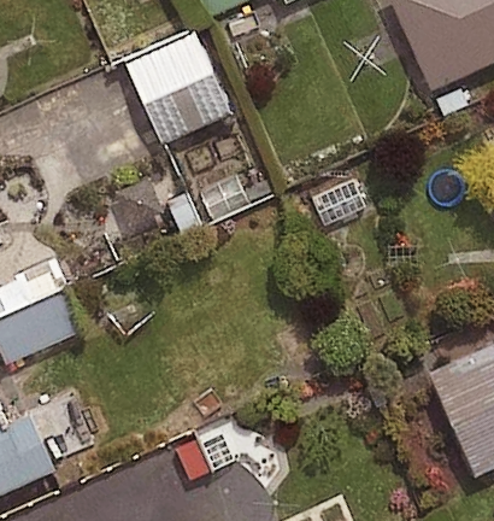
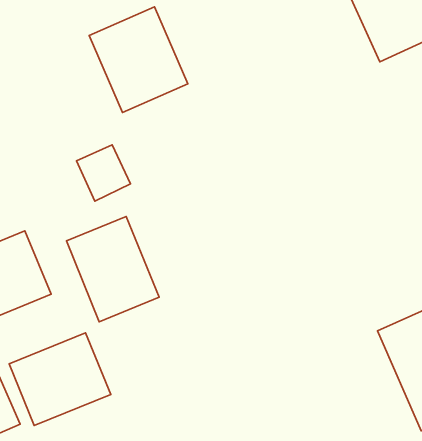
building: none -> [66,216,159,322]
building: none -> [9,333,111,426]

